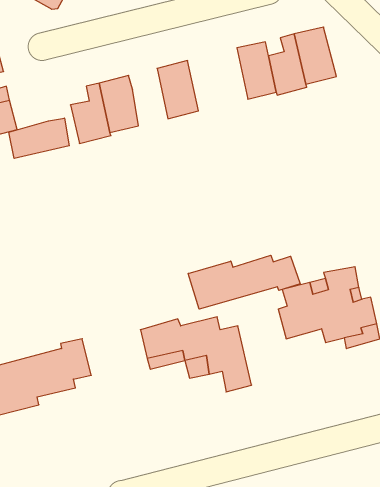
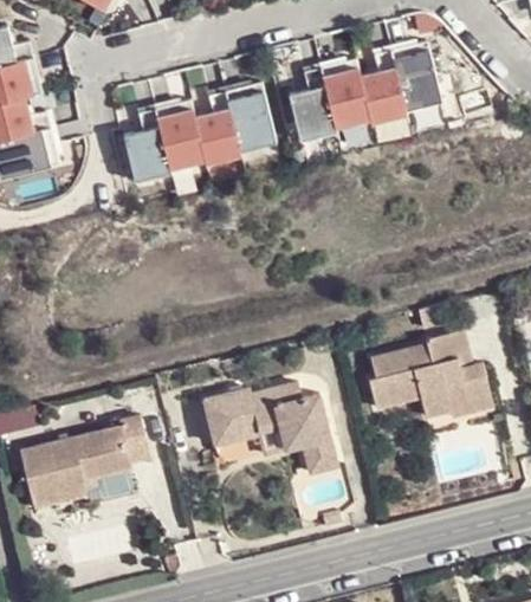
building: none -> [289,65,336,140]
building: none -> [196,90,240,162]
building: [9,118,69,158] -> none
building: [188,255,300,309] -> none

